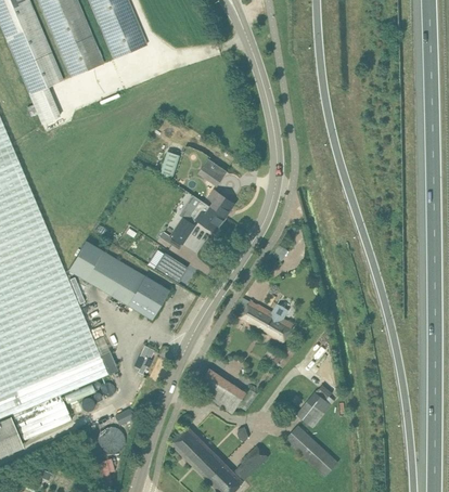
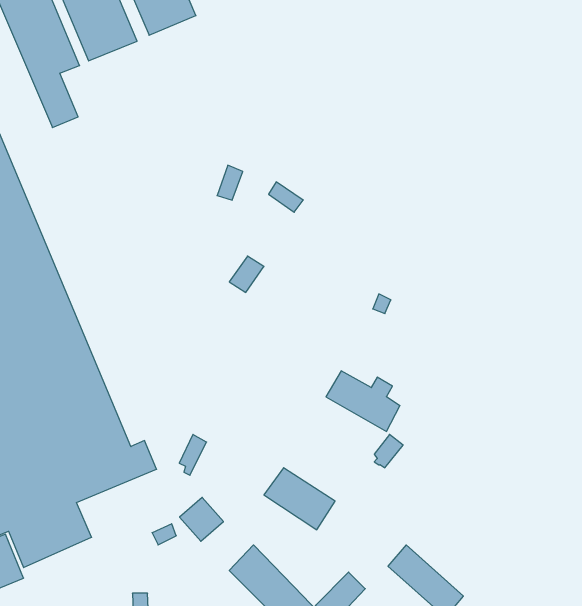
building: [190,190,234,232] -> none
building: [68,241,169,320] -> none
building: [149,249,188,282] -> none
building: [296,391,332,428] -> none
building: [95,424,127,455] -> [180,497,223,541]

